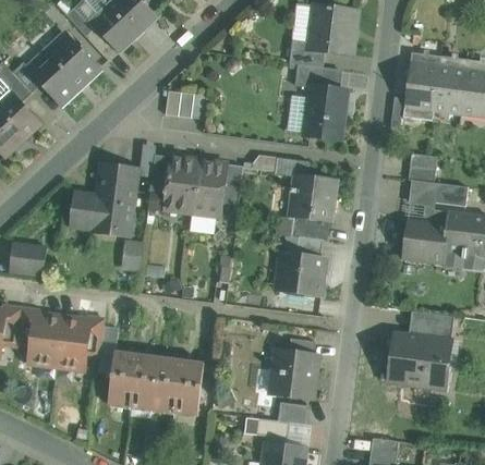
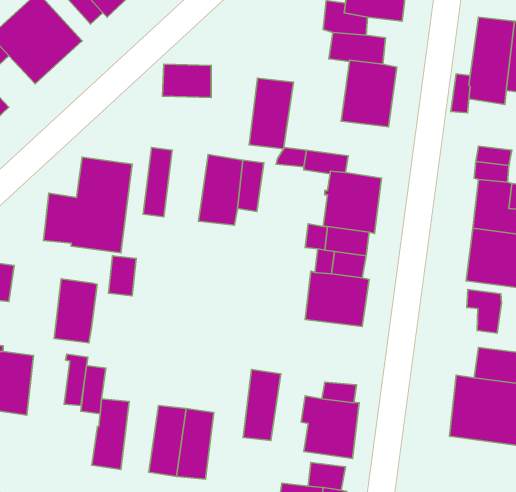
building: [165,157,199,212] -> [249,78,293,149]
building: none -> [467,290,502,333]
building: [57,318,90,368] -> [54,279,97,343]
building: [131,354,160,409] -> [243,370,281,440]

